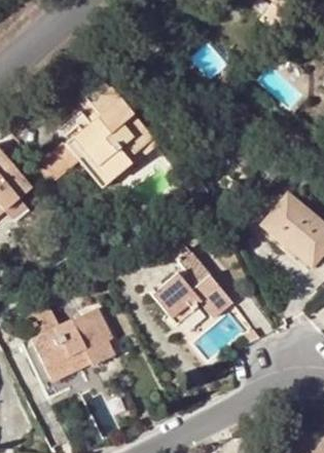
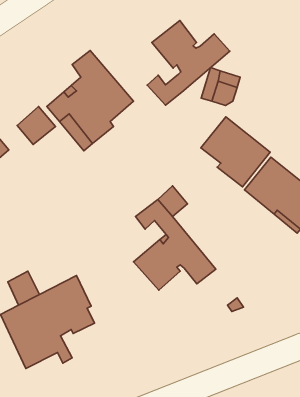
building: none -> [147,21,230,105]
building: none -> [201,117,270,187]

